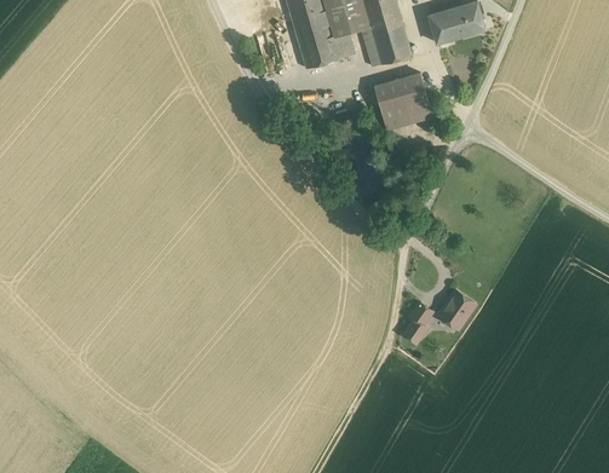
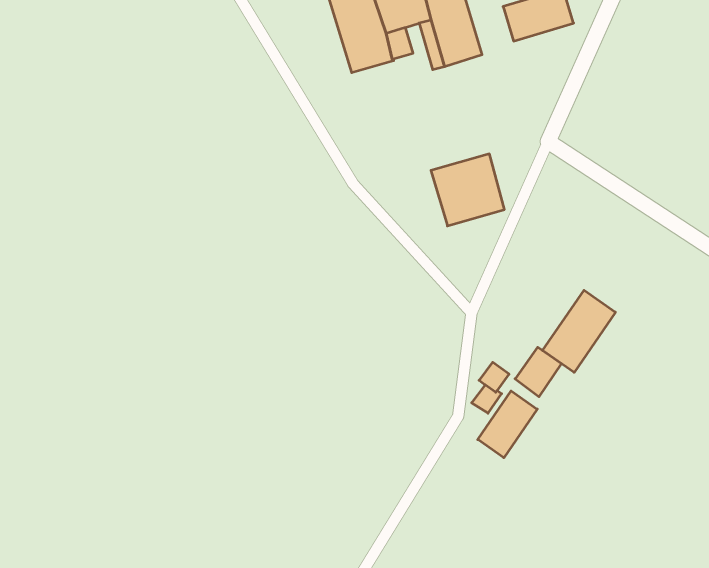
building: [373,71,432,129] -> [431,154,504,226]
building: none -> [543,290,615,372]
building: none -> [478,391,537,458]

